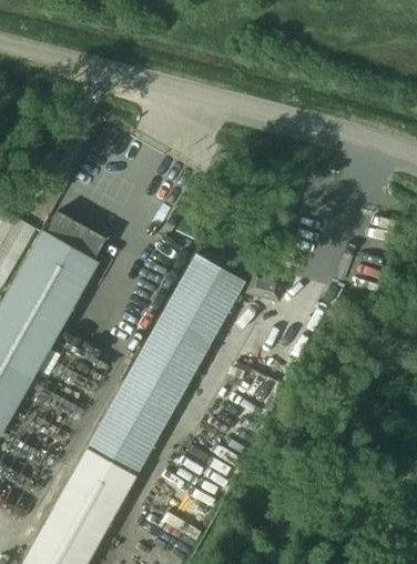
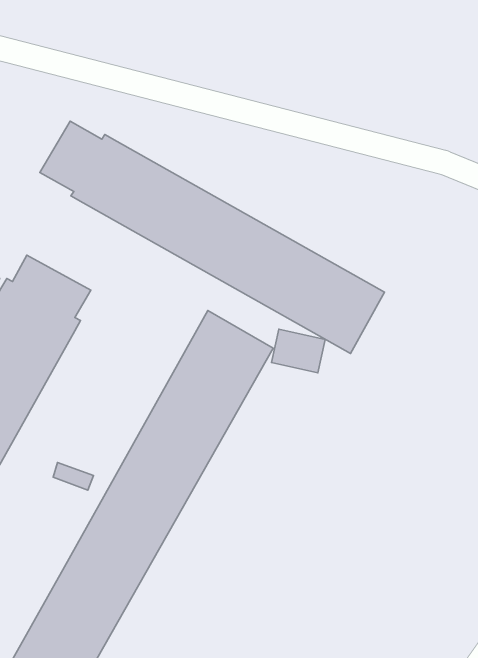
building: none -> [40,121,384,354]

